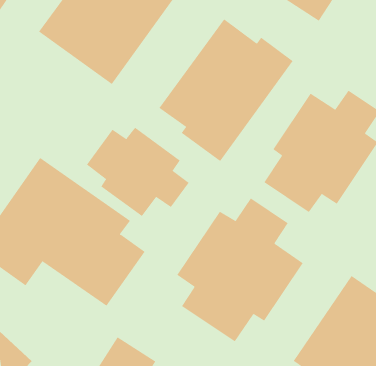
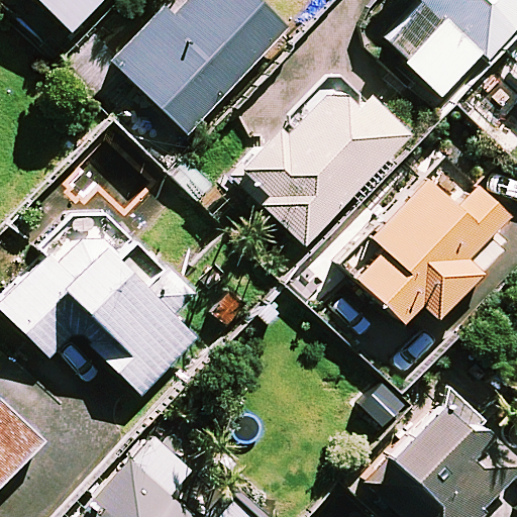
building: [86,127,189,217] -> none
building: [176,197,304,342] -> none

